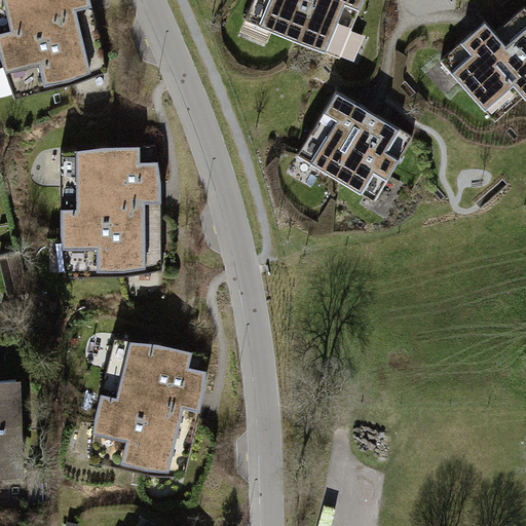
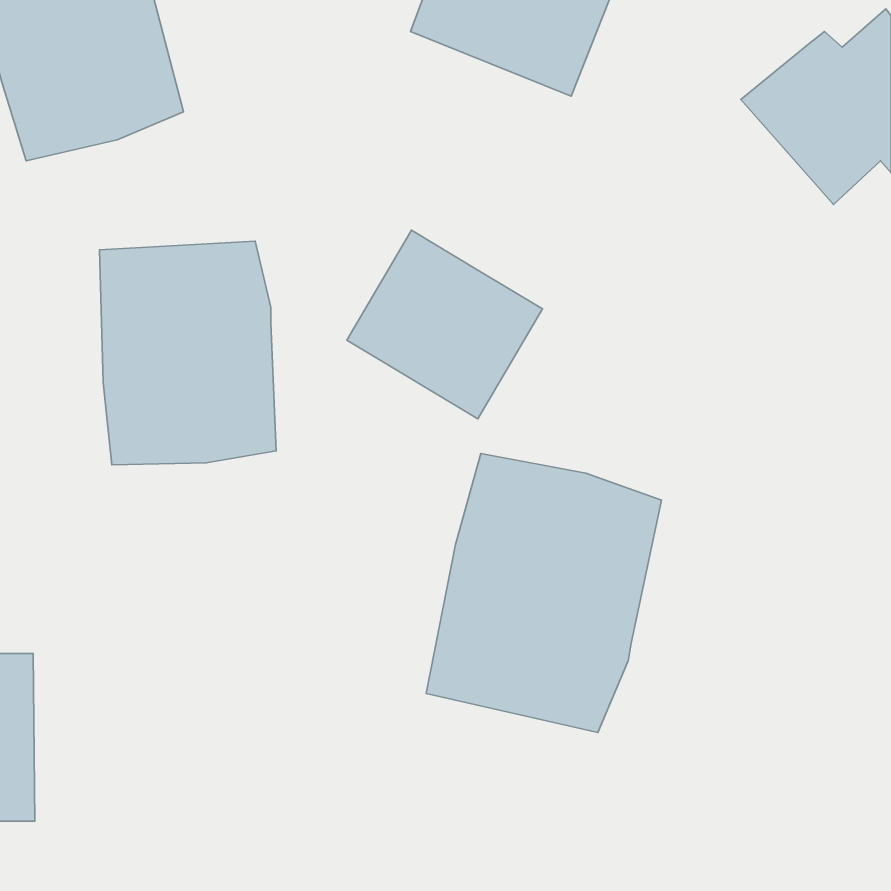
building: [293,88,408,199] -> [347,230,542,419]
building: none -> [426,454,662,733]
building: [91,334,204,473] -> none

